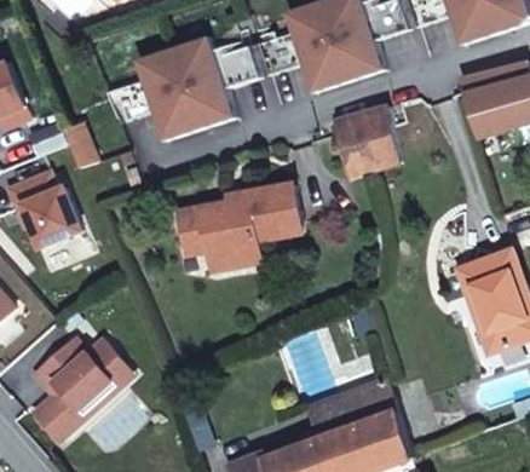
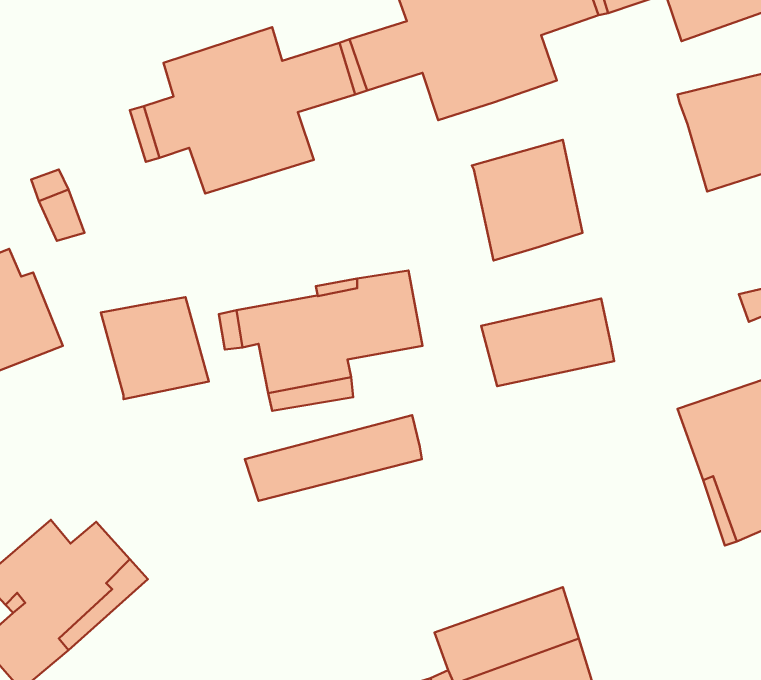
building: none -> [101,297,209,399]
building: none -> [481,299,614,386]
building: none -> [245,415,422,501]

